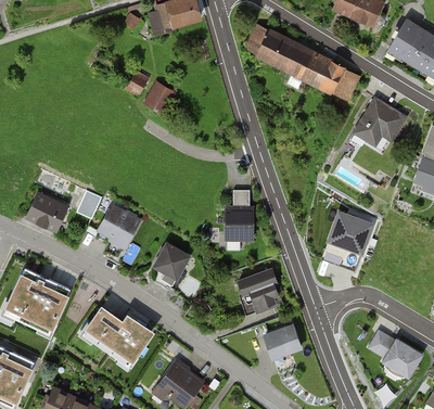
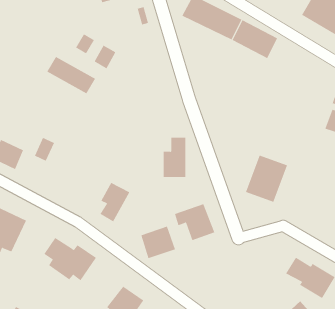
building: none -> [46,56,96,94]
building: [357,99,408,143] -> none
building: [94,206,137,258] -> none
building: [260,322,302,360] -> [140,226,176,259]

